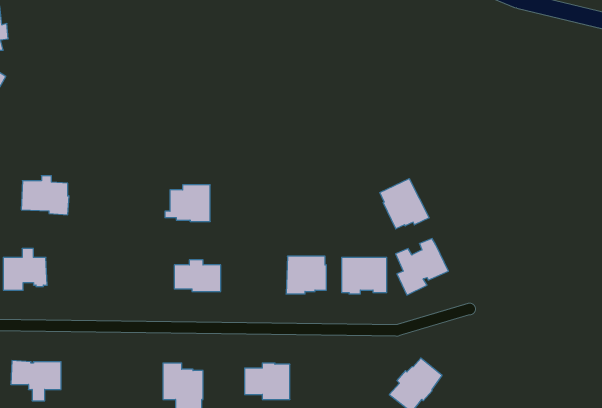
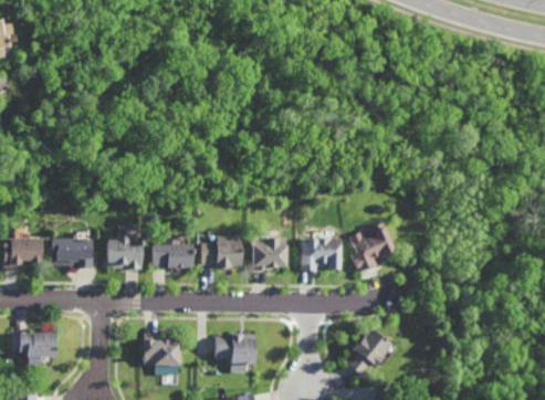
building: [21,176,69,215] -> [52,234,94,269]
building: [380,179,429,229] -> none
building: [165,185,210,221] -> [104,236,144,269]
building: none -> [205,236,244,270]

